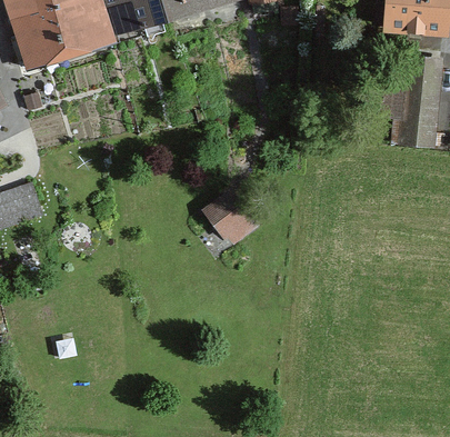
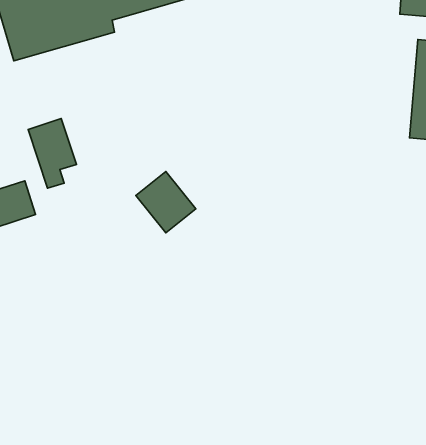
building: none -> [28,118,77,188]
building: [204,188,260,245] -> [136,172,196,233]

